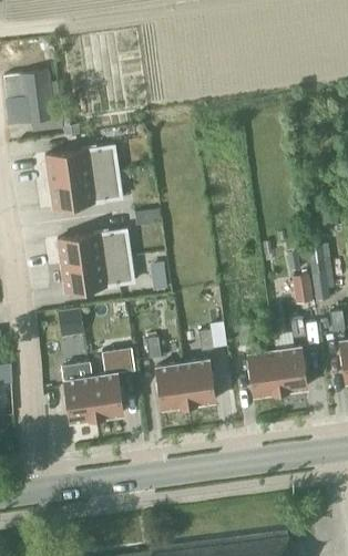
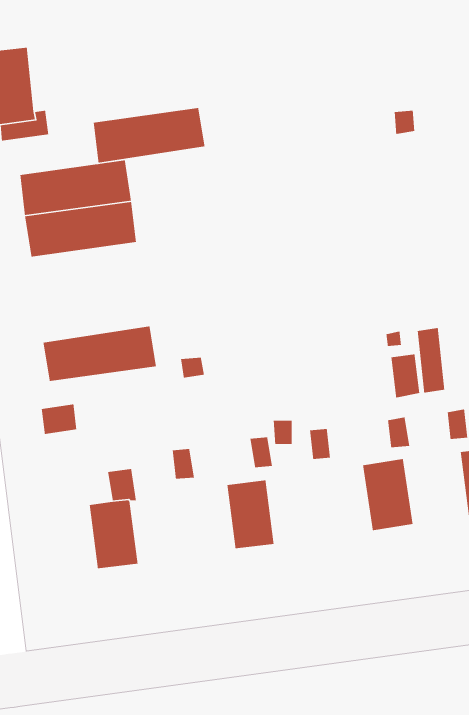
building: [57,229,132,267] -> [93,107,205,163]
building: [246,349,280,397] -> none
building: [155,362,188,410] -> none
building: [62,364,96,423] -> none

